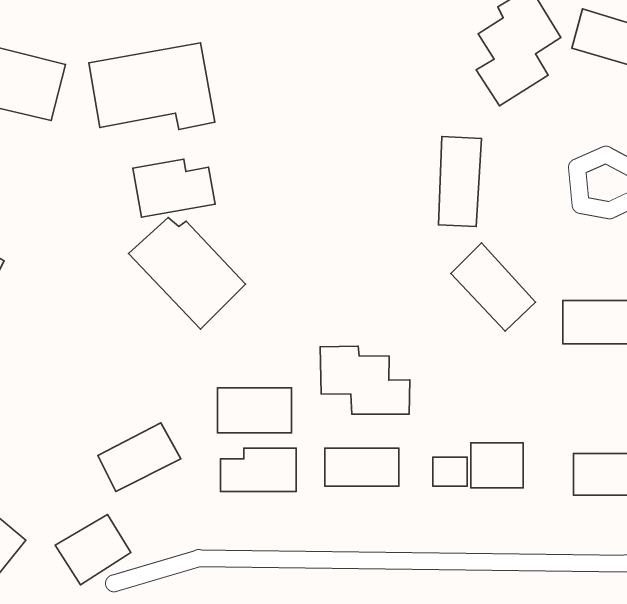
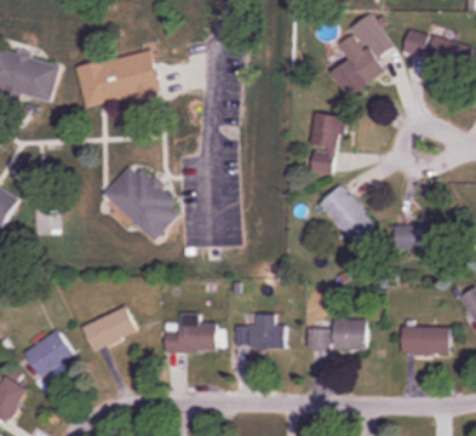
building: [133,159,215,217] -> none
building: [320,346,410,414] -> none
building: [217,388,291,433] -> none
building: [55,515,131,585] -> [23,329,74,377]

